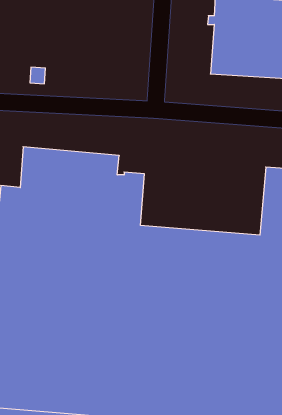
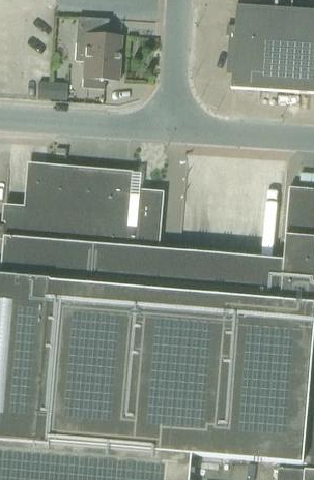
building: none -> [77,16,122,89]

